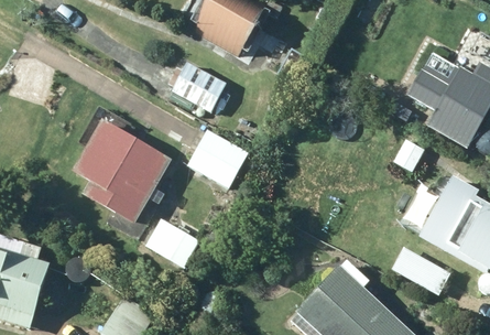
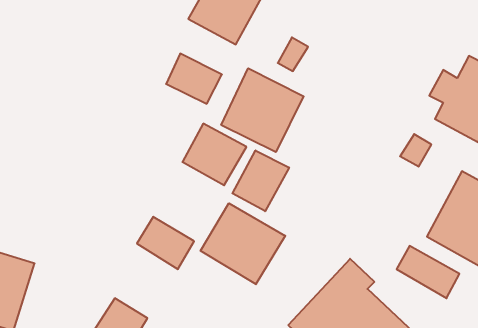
building: none -> [221,68,304,152]
building: [72,118,171,223] -> none
building: none -> [232,150,289,211]
building: none -> [201,203,285,284]

